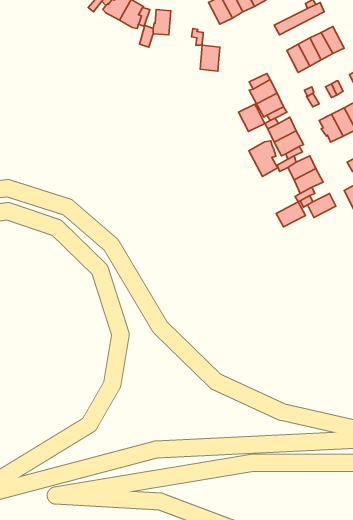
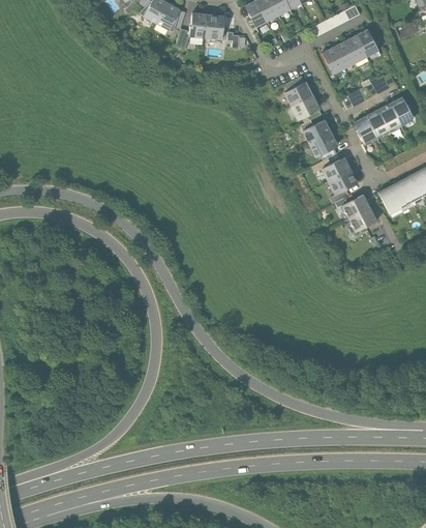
building: [200,45,220,71] -> [205,13,224,39]
building: [239,104,265,132] -> none
building: [249,141,278,176] -> none
building: [276,202,306,227] -> [348,207,377,232]

